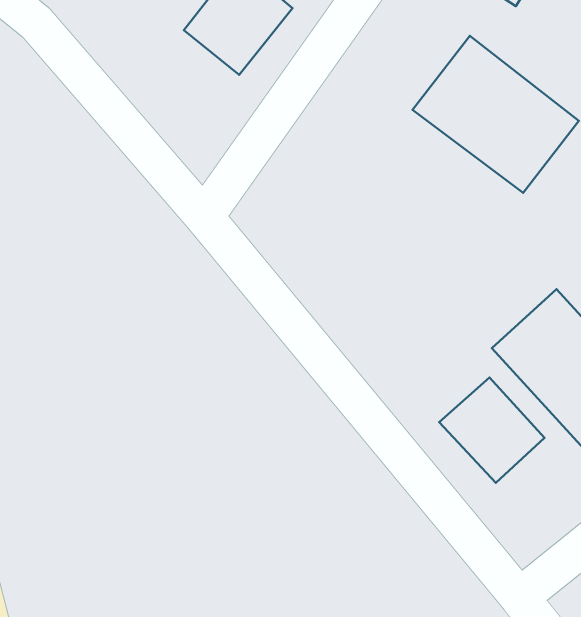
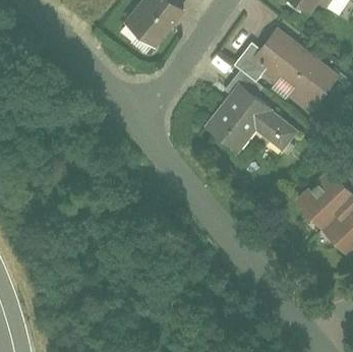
building: none -> [202,79,301,155]
building: [439,378,544,483] -> none

